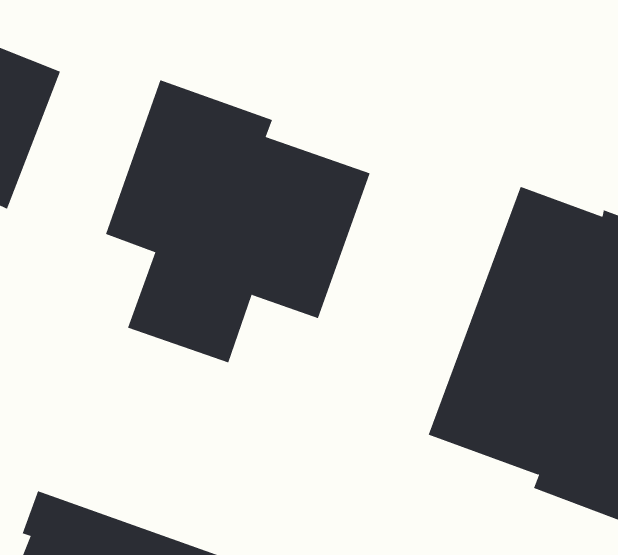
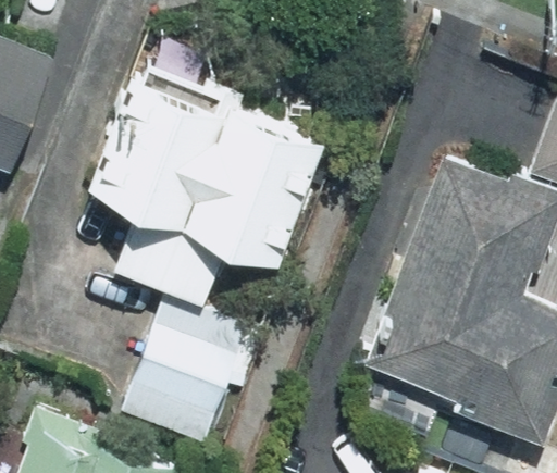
building: none -> [126,306,253,450]

